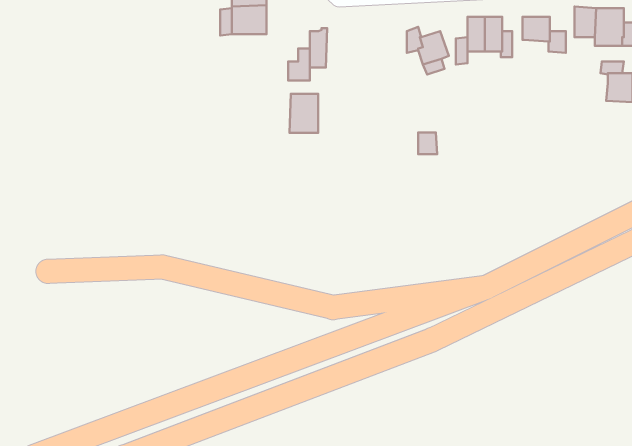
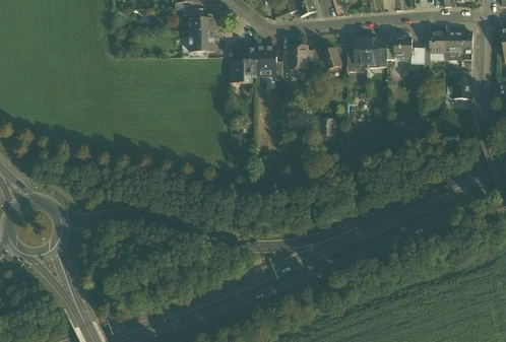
building: none -> [289,47,307,69]
building: [289,94,318,133] -> [256,47,276,74]

